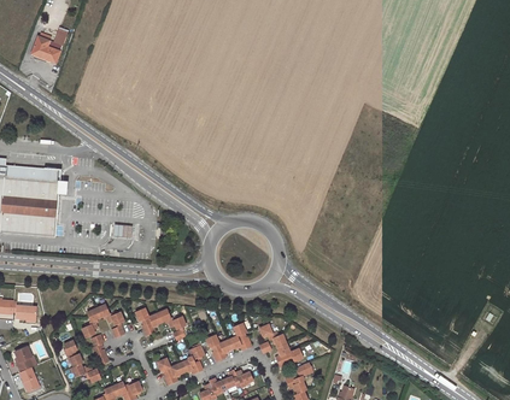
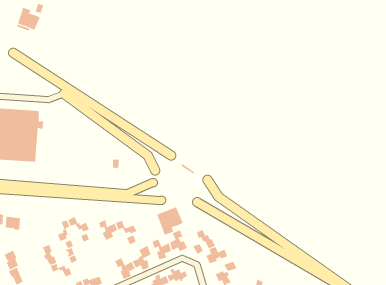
building: none -> [157,206,184,236]

